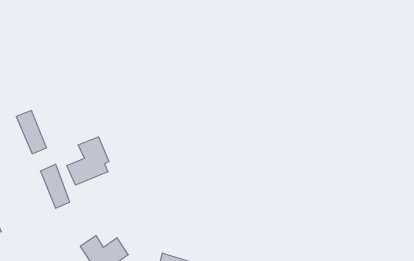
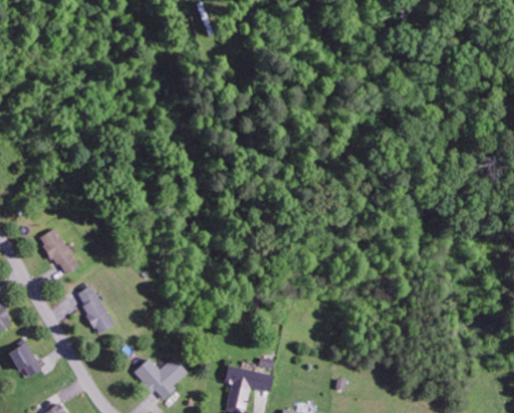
building: [67,137,109,185] -> none

